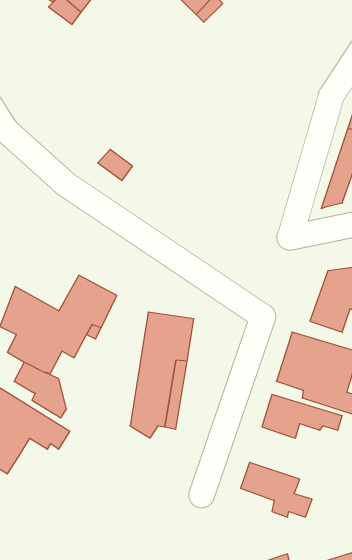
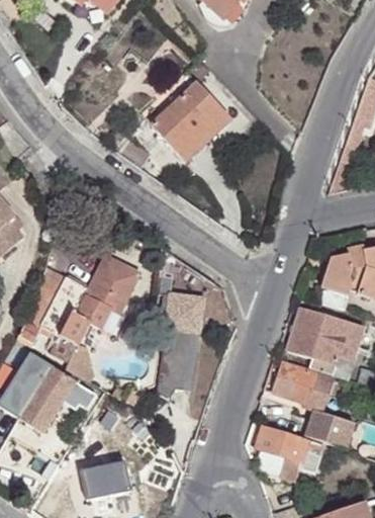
building: none -> [148,74,232,165]
building: none -> [299,388,350,448]
building: none -> [81,461,131,499]

